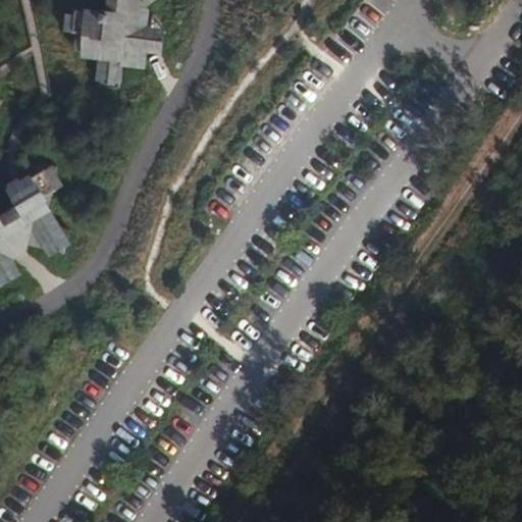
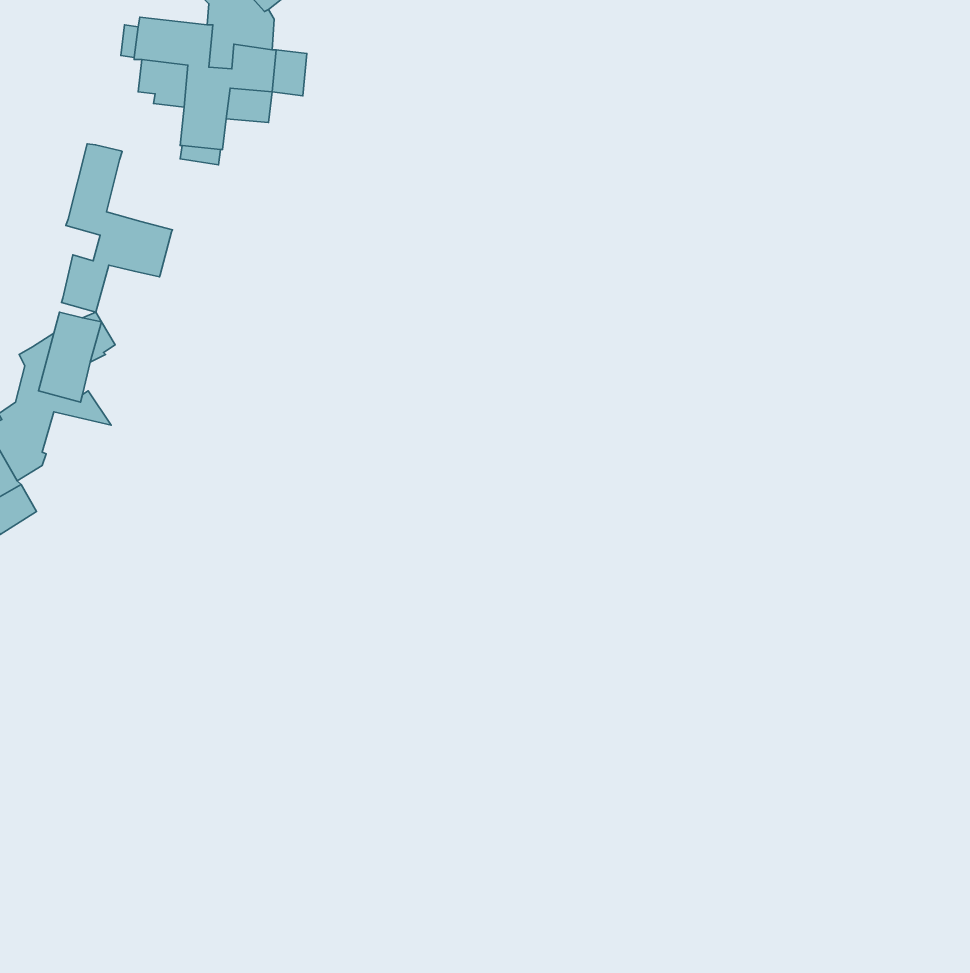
building: none -> [61,144,172,312]
building: [22,219,67,251] -> none

